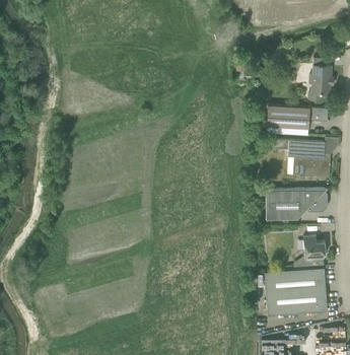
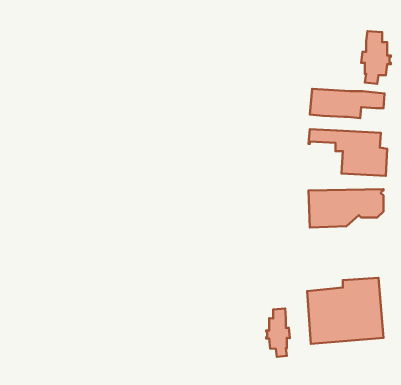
building: [294,236,326,264] -> none
building: none -> [266,309,290,357]

